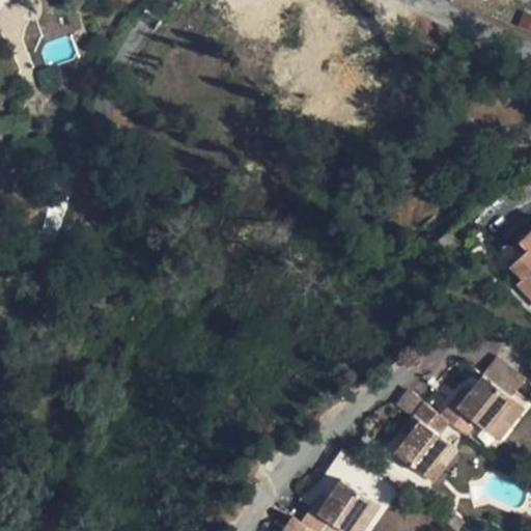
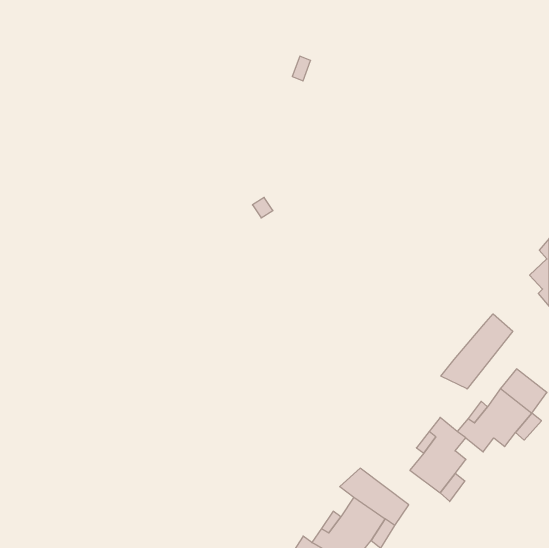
building: none -> [441,314,513,389]

